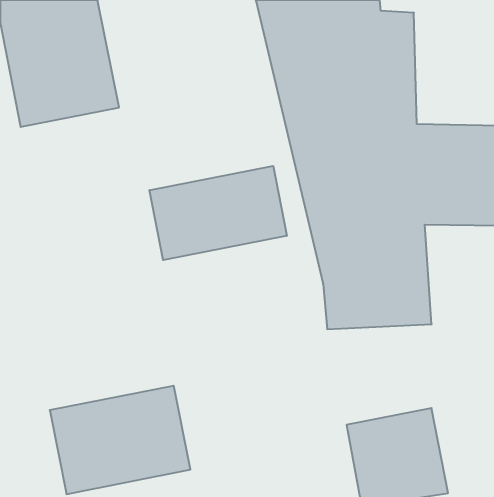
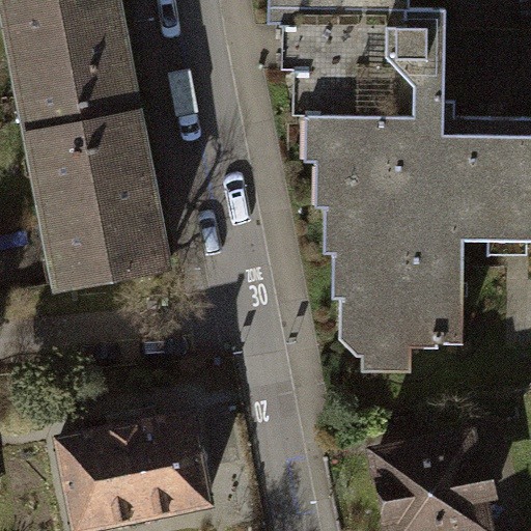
building: none -> [27,116,161,285]
building: [149,166,287,260] -> none

